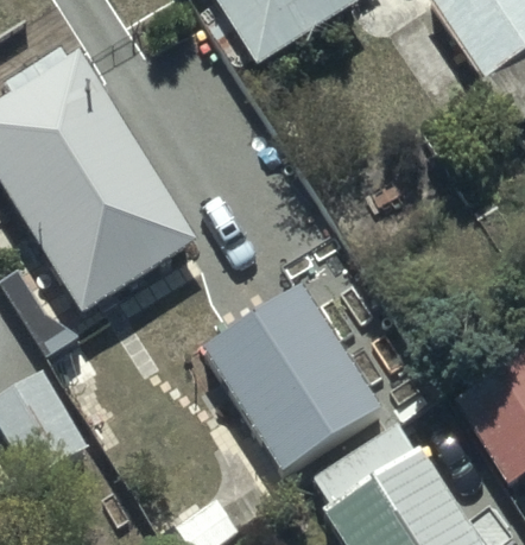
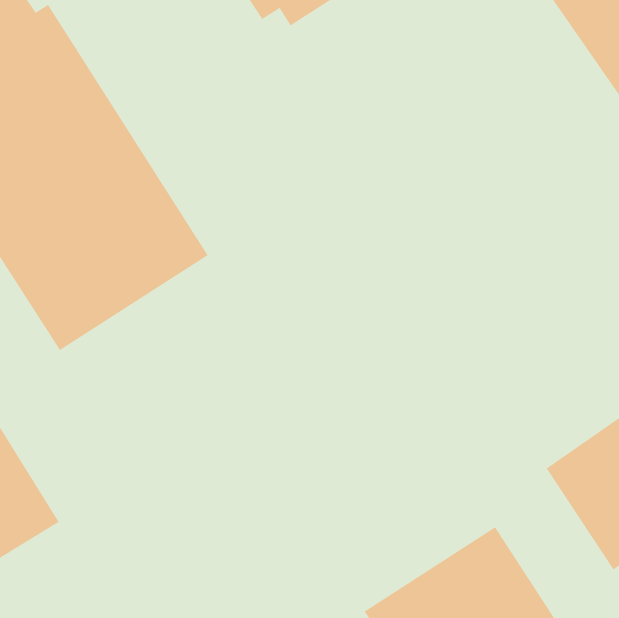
building: [204,285,381,475] -> none

